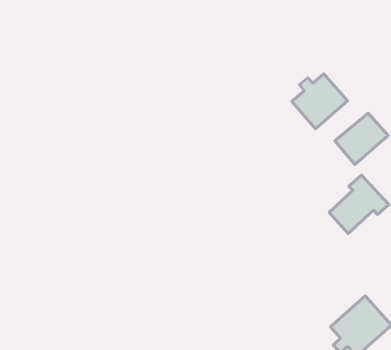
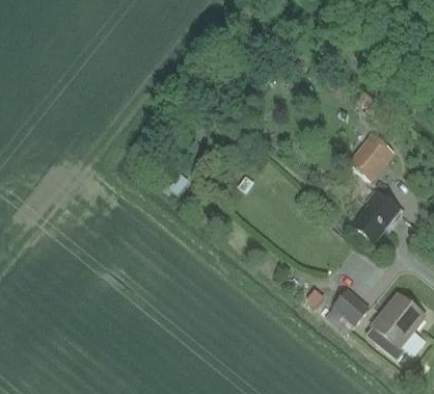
building: [292,74,347,129] -> none
building: none -> [325,288,371,335]

